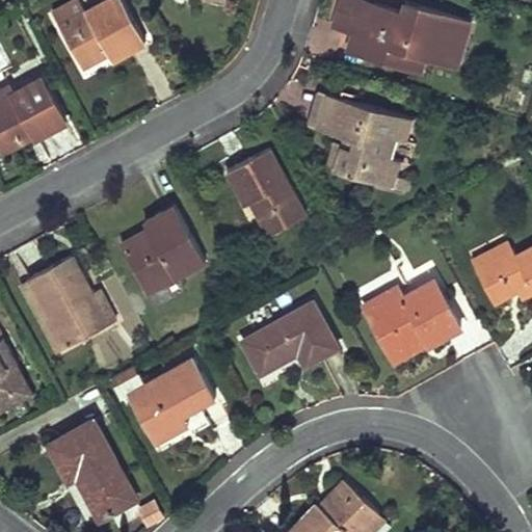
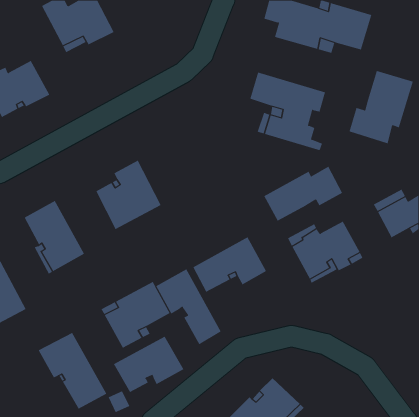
building: none -> [349,70,413,144]
building: [227,151,305,236] -> none
building: none -> [263,166,343,222]
building: none -> [156,269,221,345]
building: none -> [113,336,184,393]

